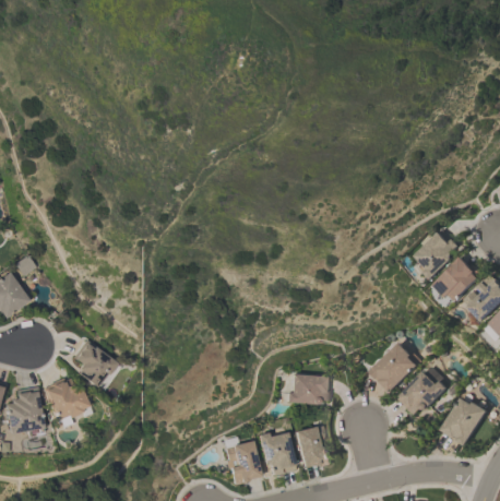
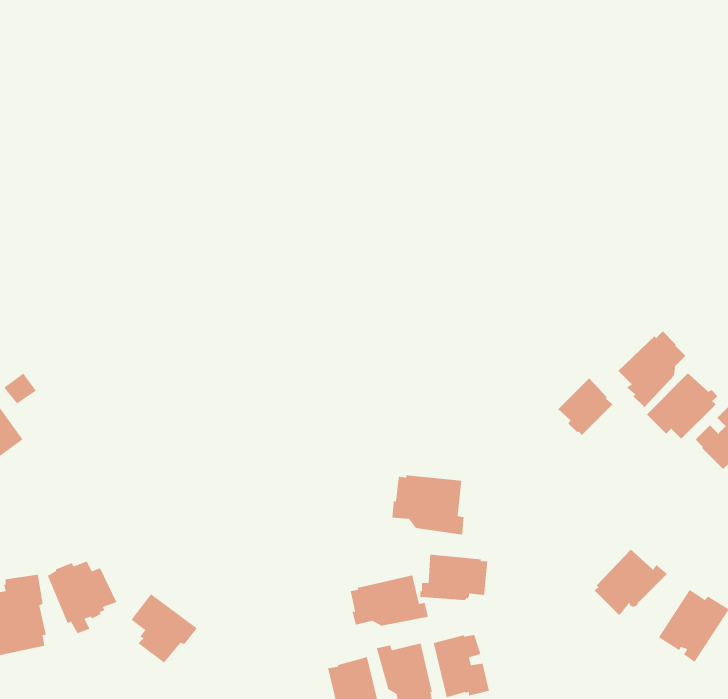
building: none -> [557,378,614,436]
building: none -> [392,475,464,536]
building: [73,339,117,385] -> [131,593,198,664]
building: [370,342,421,391] -> none
building: none -> [350,575,429,626]

